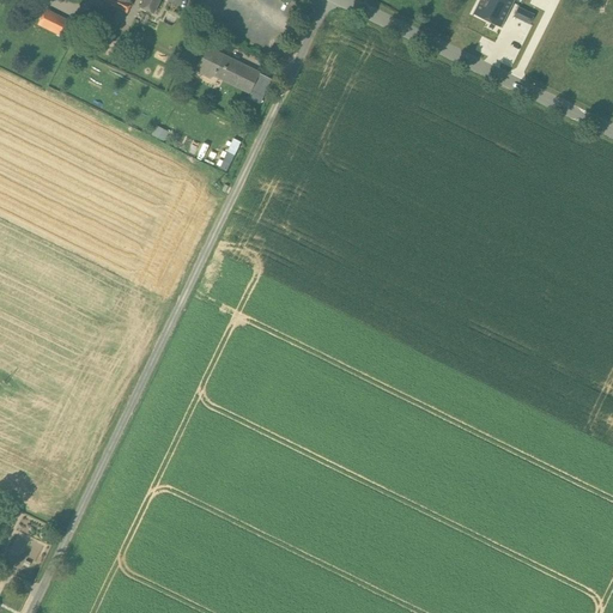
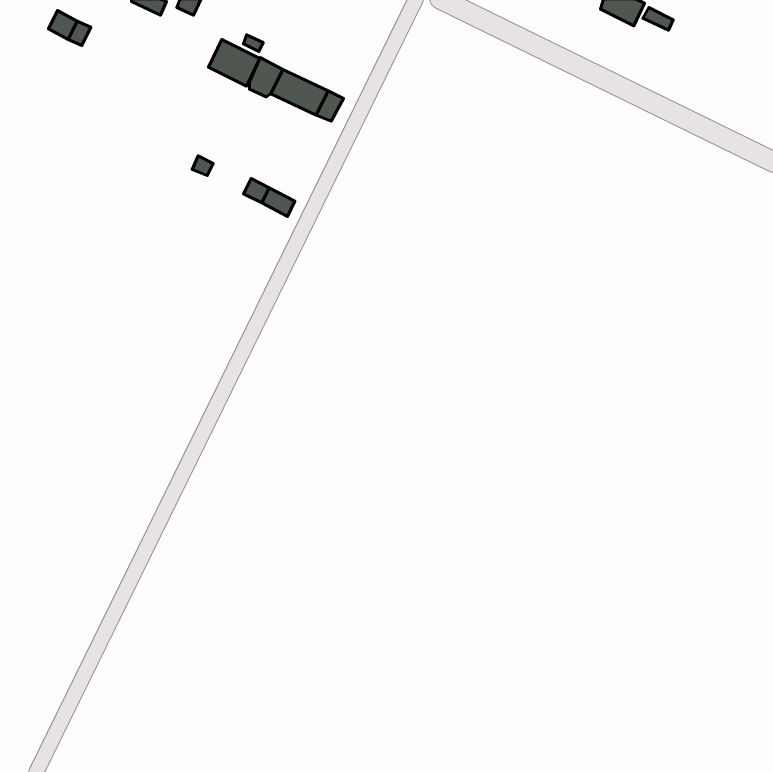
building: none -> [209,40,260,86]

